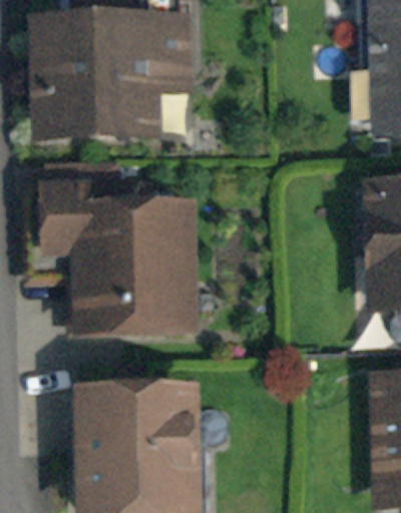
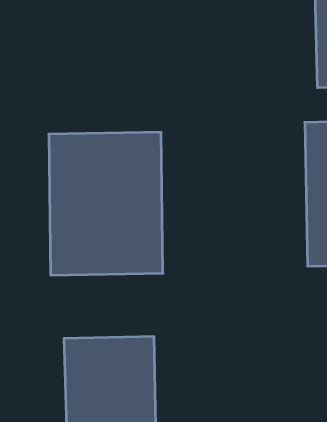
building: [44,31,164,140] -> none

